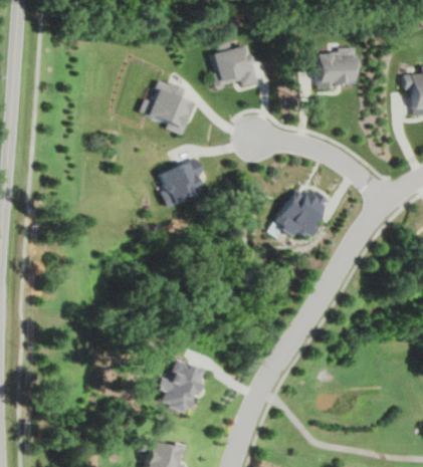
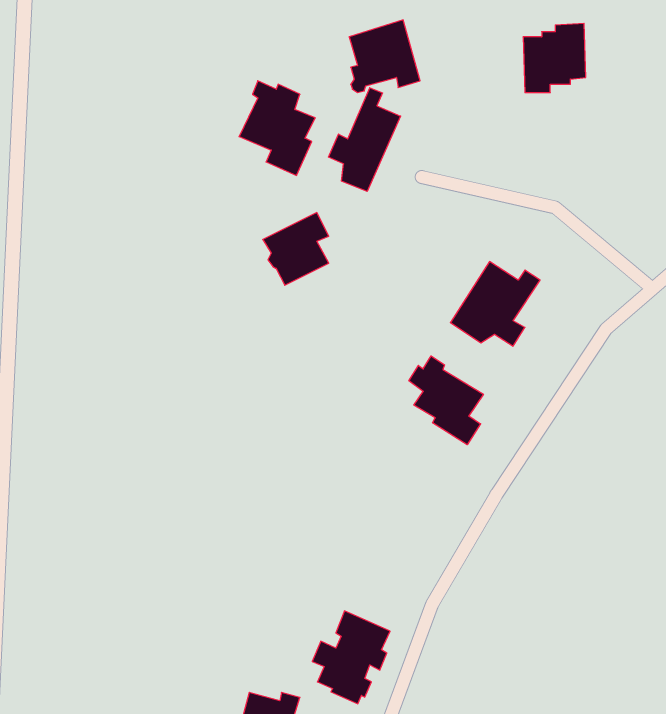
building: none -> [328,88,401,191]
building: none -> [409,356,483,445]
building: [159,359,205,414] -> [312,611,390,704]

